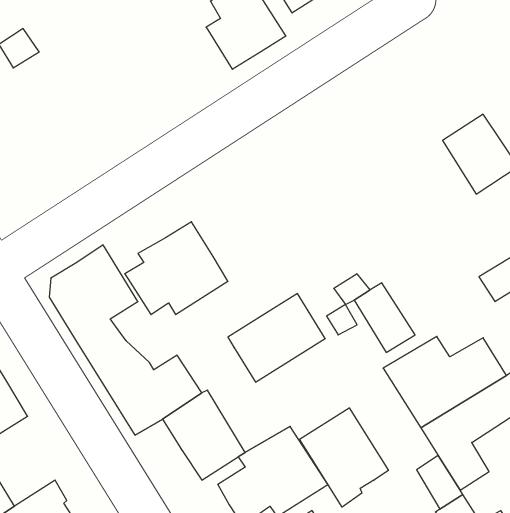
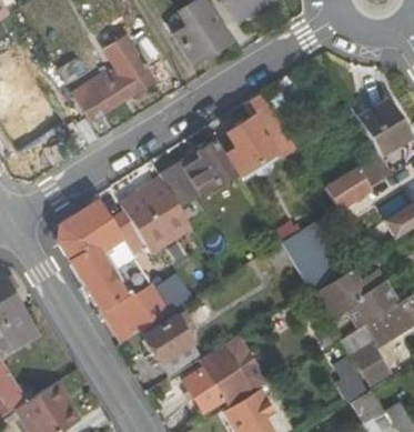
building: none -> [71,32,158,122]
building: none -> [224,90,295,175]
building: none -> [324,167,372,210]
building: [228,294,325,382] -> [159,140,233,208]
building: [300,408,388,507] -> none

